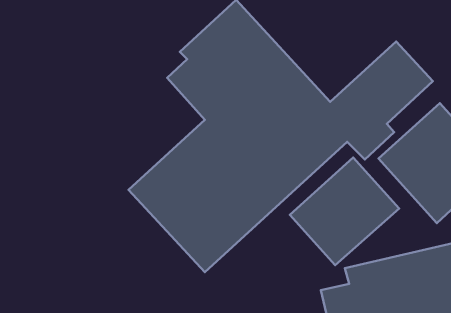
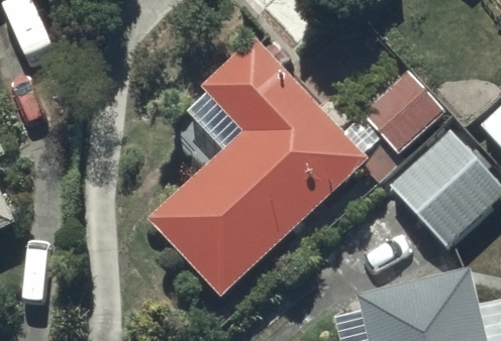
building: [290,157,399,265] -> none

